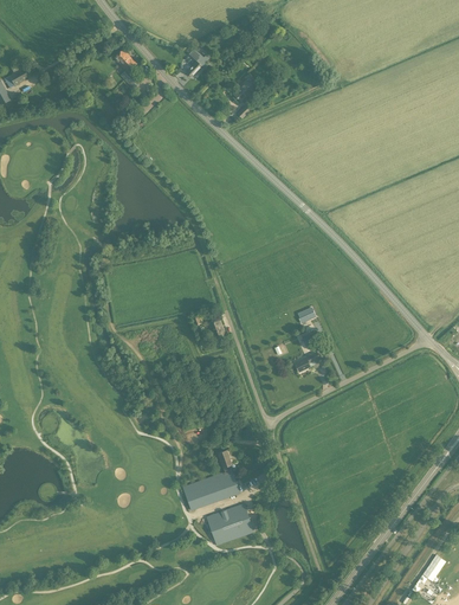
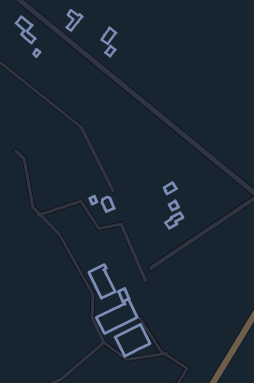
building: none -> [89,265,115,298]

